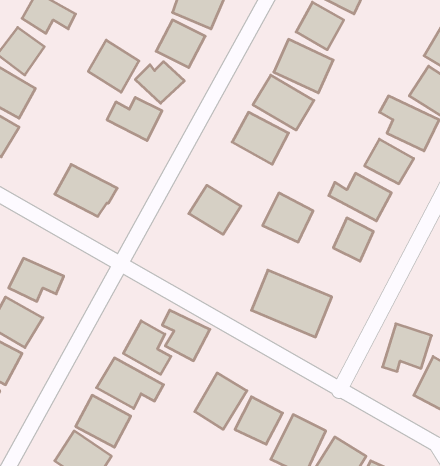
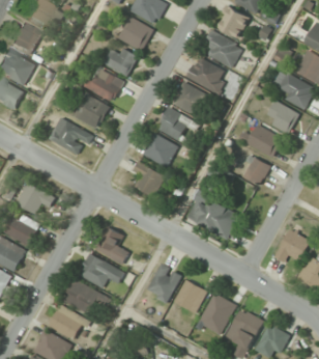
building: [88,40,139,92] -> [74,93,109,130]
building: [263,193,313,242] -> [156,107,192,141]
building: [162,310,210,361] -> [133,162,166,197]

